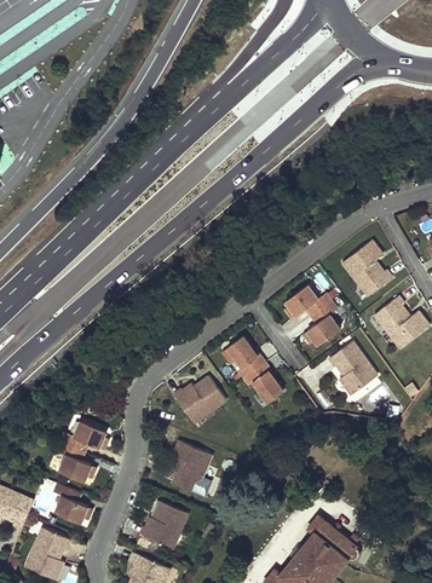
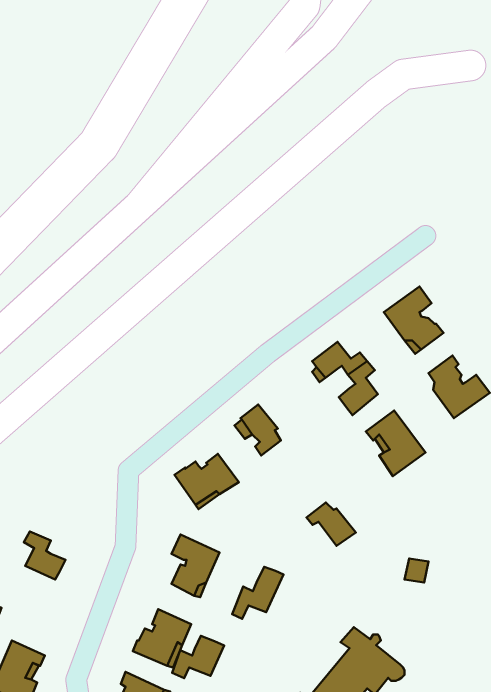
building: [243,365,283,400] -> [307,502,356,546]
building: [56,419,99,446] -> none
building: none -> [232,567,284,619]
building: [52,483,86,523] -> none
building: none -> [172,636,224,678]

